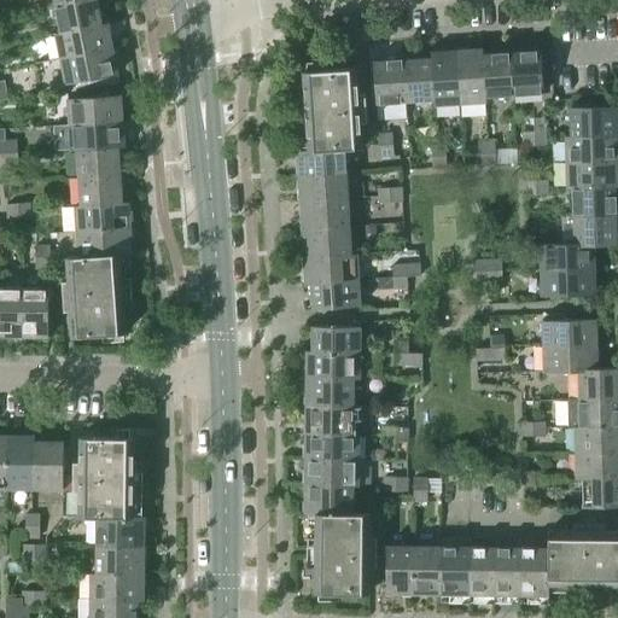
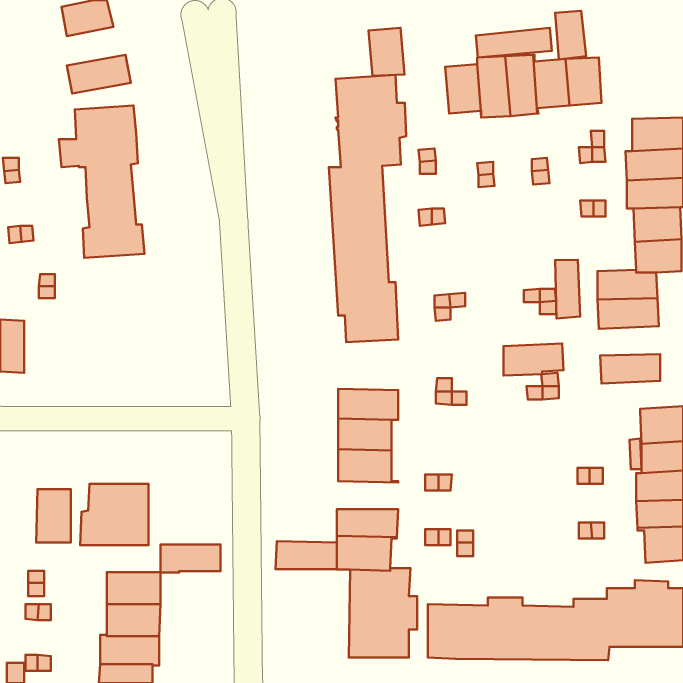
building: none -> [555,11,586,59]
building: [56,23,113,59] -> none
building: none -> [476,28,552,57]
building: [373,60,406,104] -> [368,28,404,76]
building: [62,229,132,338] -> none
building: none -> [555,260,580,318]
building: [22,290,49,337] -> none
building: [305,326,360,352] -> none
building: [543,344,597,373] -> [503,343,564,376]
building: [304,435,360,460] -> [275,541,337,569]
building: [8,436,35,490] -> none
building: [80,492,134,518] -> [160,544,221,572]

